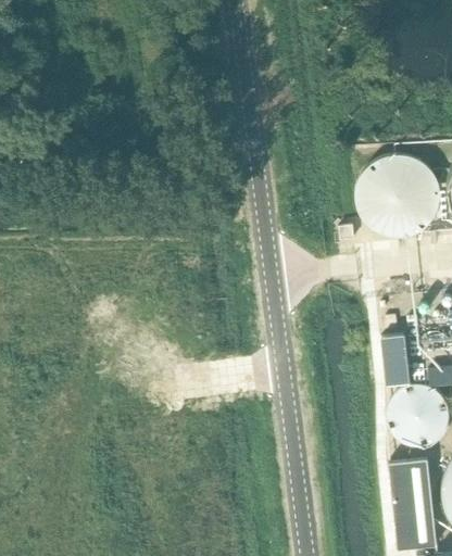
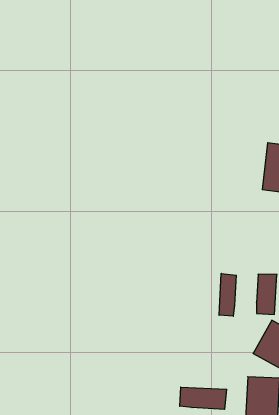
building: none -> [219,273,236,316]
building: none -> [180,387,227,409]

